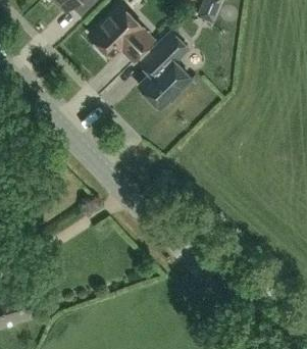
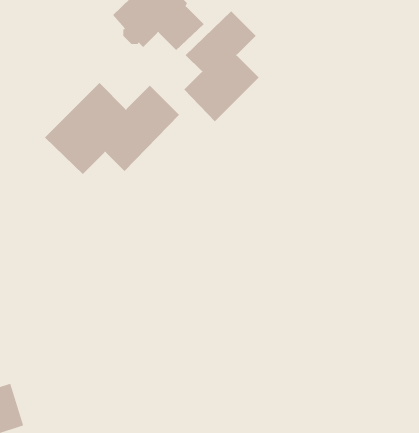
building: none -> [44,82,180,175]

